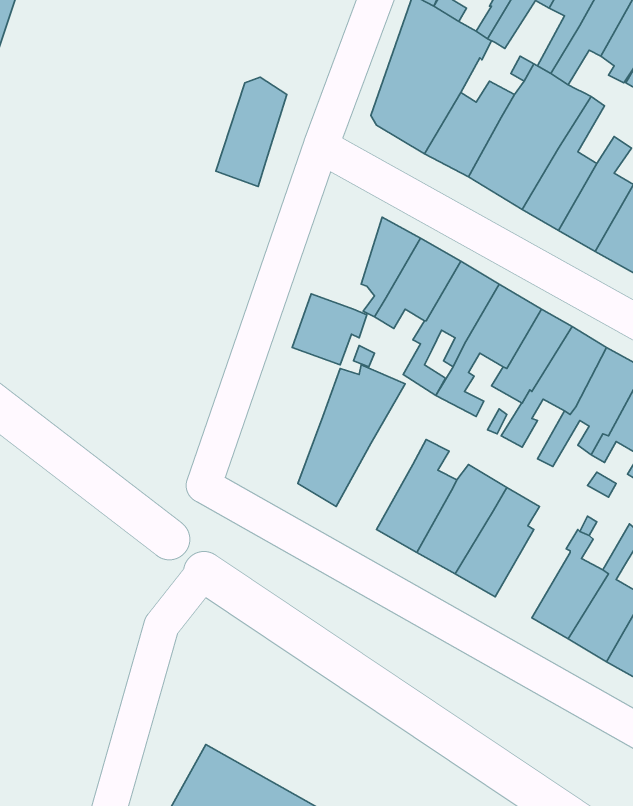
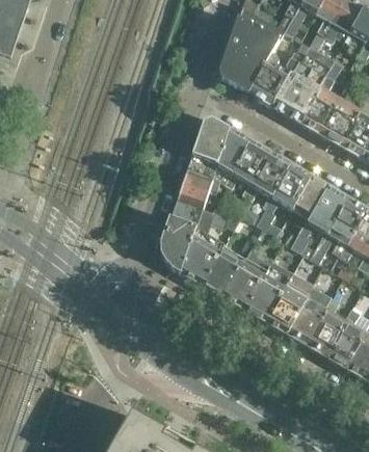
building: [216,77,287,186] -> [187,118,226,178]
building: none -> [162,198,203,272]
building: none -> [201,239,253,297]
building: none -> [287,286,327,345]

